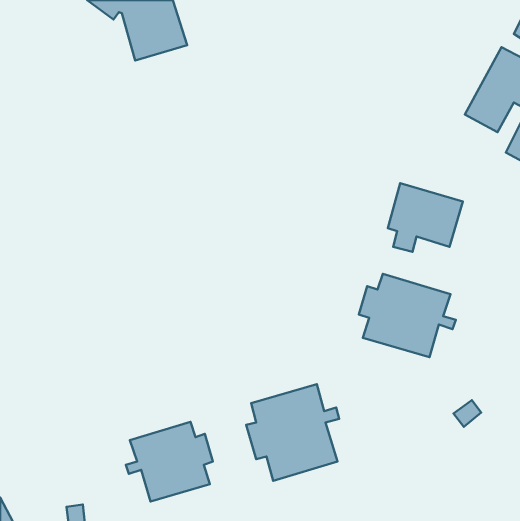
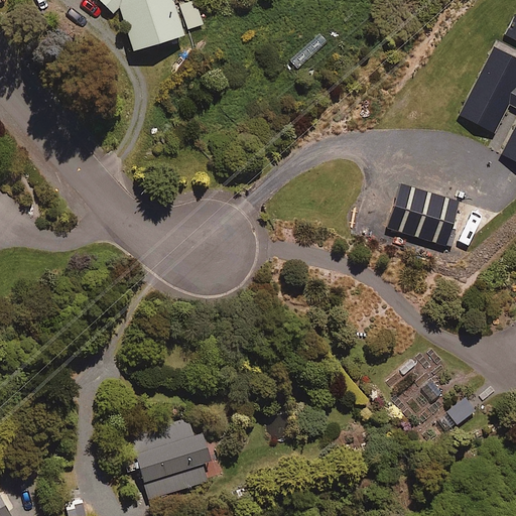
building: [359,274,456,357] -> none
building: [246,384,339,481] -> none

